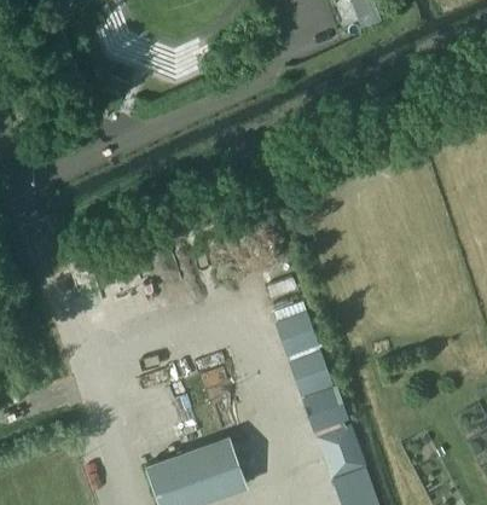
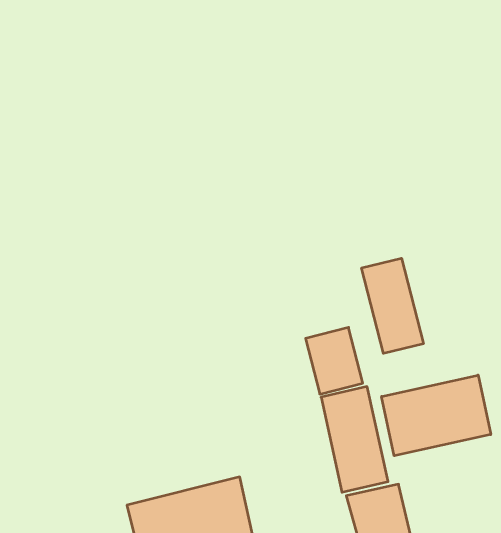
building: none -> [362,258,423,353]
building: none -> [382,375,491,456]

